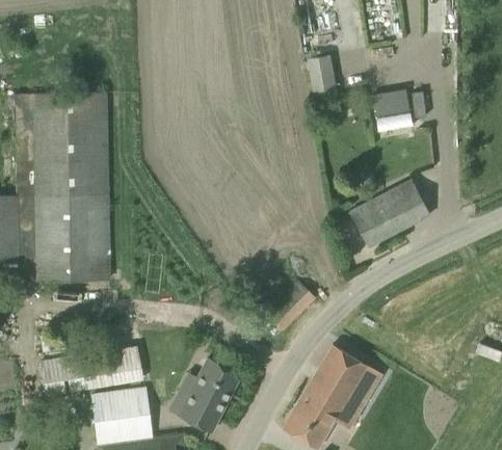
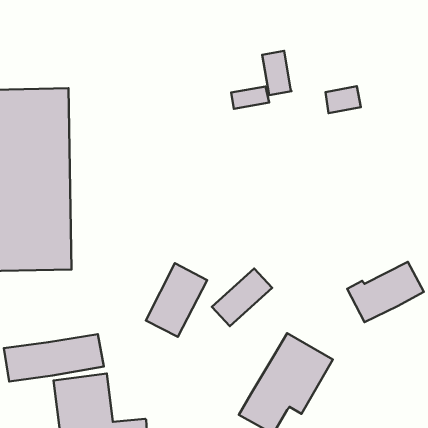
building: none -> [231,87,269,109]
building: [350,184,429,246] -> [347,262,424,322]
building: [178,356,241,432] -> [146,263,207,337]

